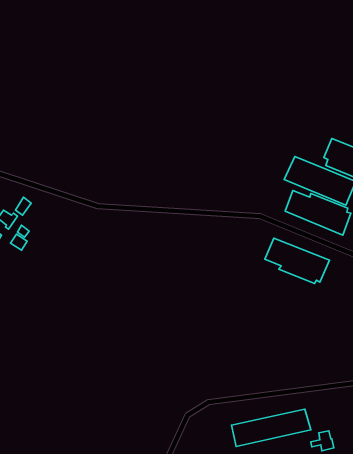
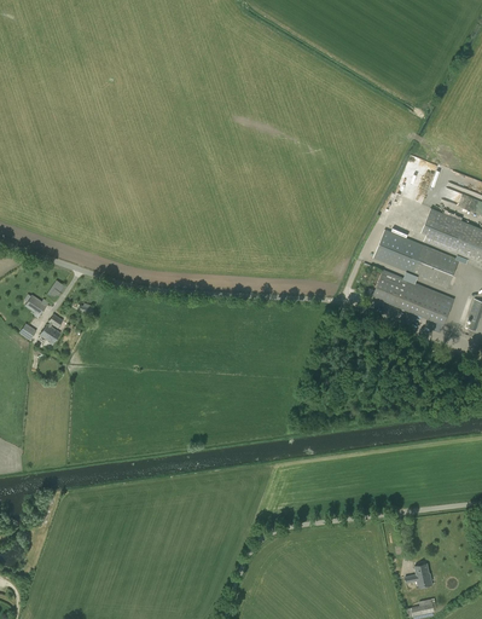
building: [265,238,330,284] -> none
building: [232,409,311,446] -> none

